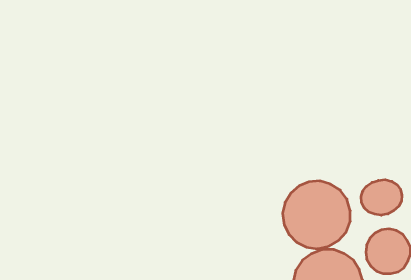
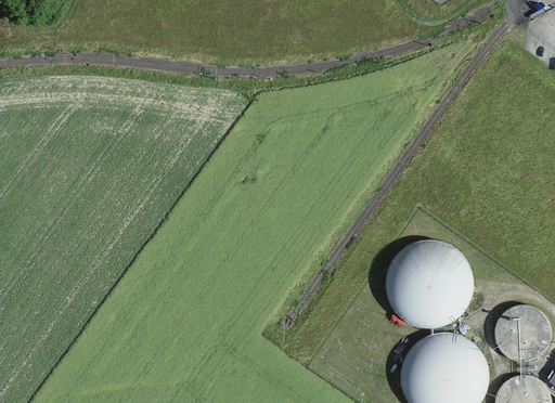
building: [361,180,402,215] -> none

